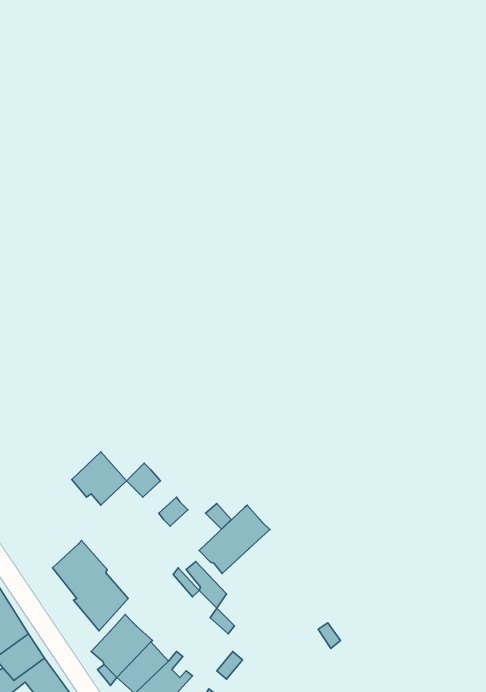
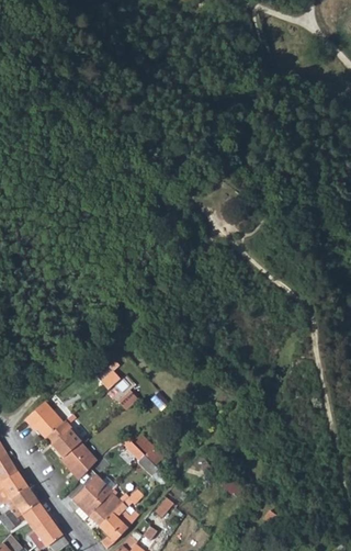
building: [72,452,127,505] -> [24,404,61,440]
building: [199,505,270,574] -> none

